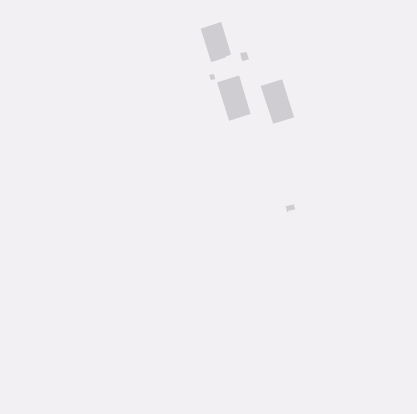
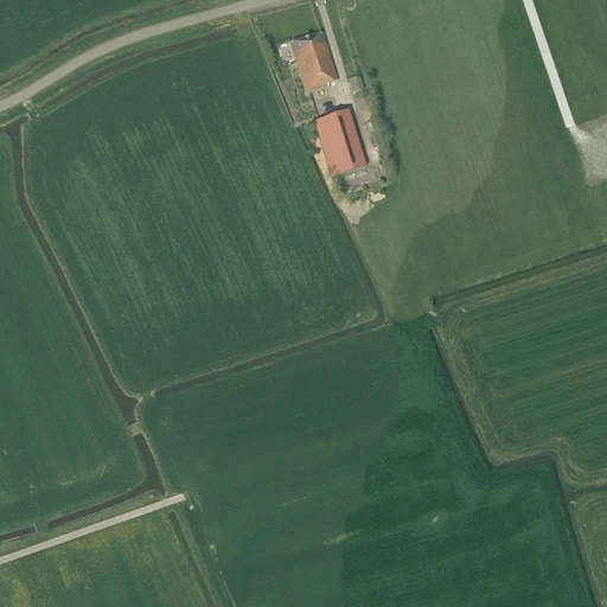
building: [260,78,295,125] -> none

